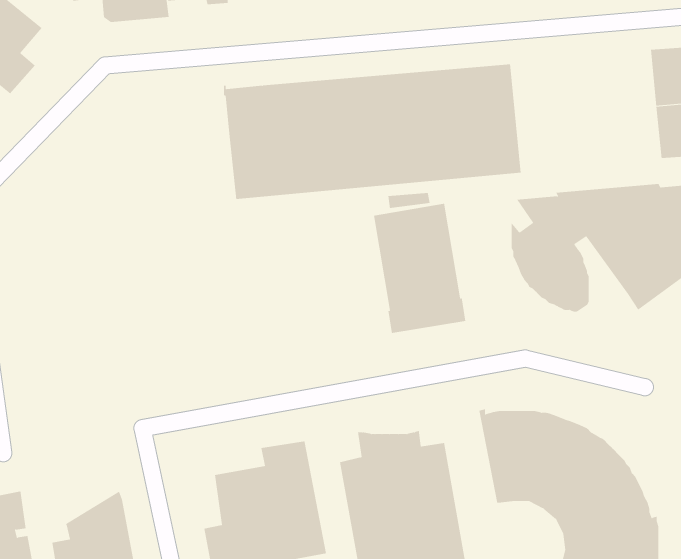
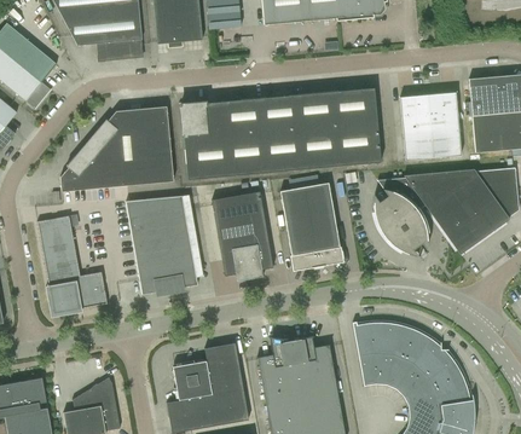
building: none -> [399,93,461,161]
building: none -> [60,106,173,191]
building: none -> [212,192,273,282]
building: none -> [126,202,203,295]
building: none -> [36,216,106,311]

